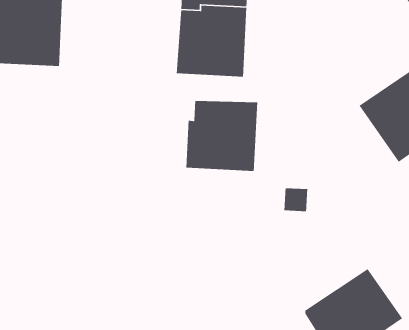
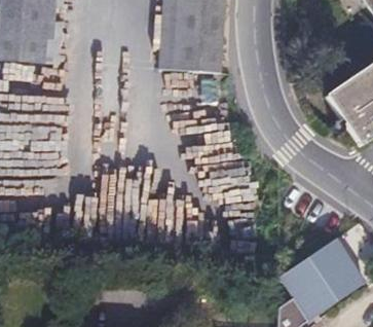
building: [185,100,258,172] -> none

